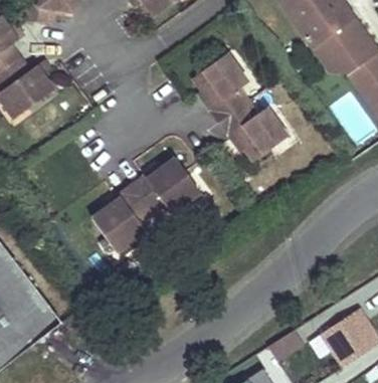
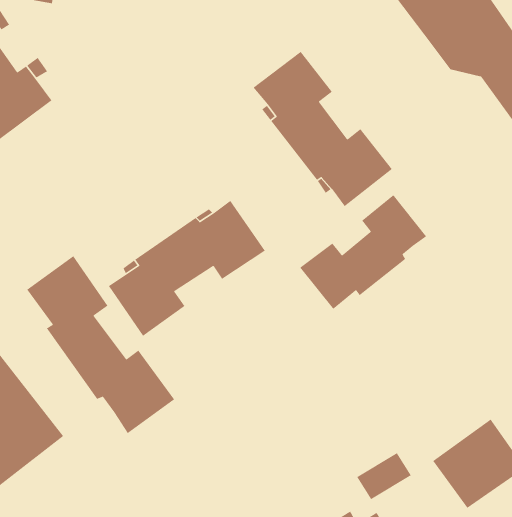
building: none -> [299,194,427,310]
building: none -> [26,255,175,434]

